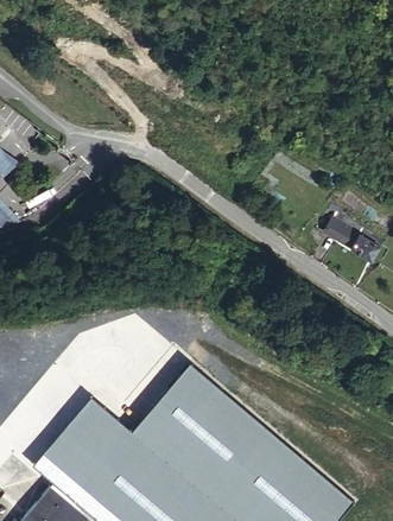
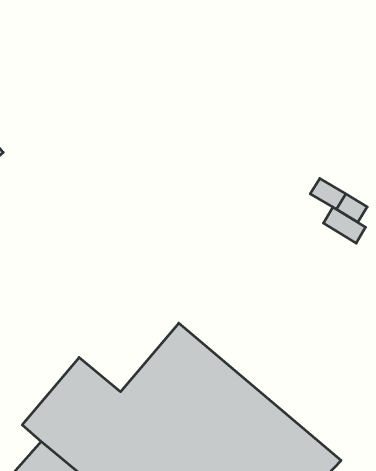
building: none -> [323,207,366,243]

